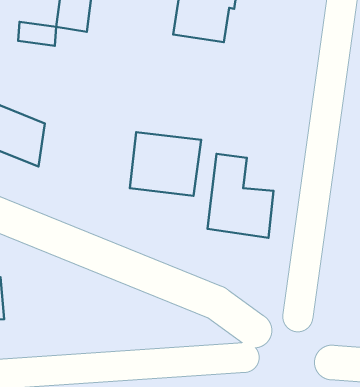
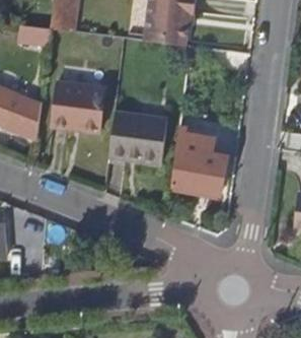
building: none -> [52,79,105,133]

